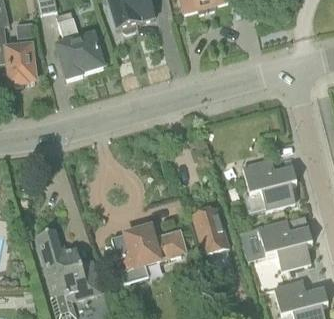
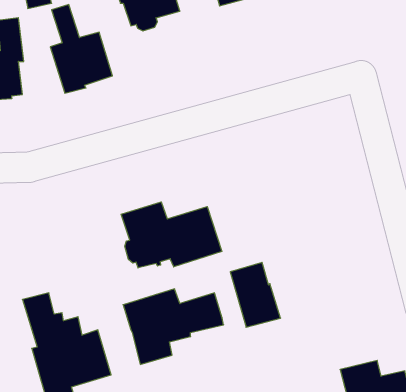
building: [242,158,297,210] -> none
building: none -> [121,202,222,268]
building: [238,219,313,270] -> none

